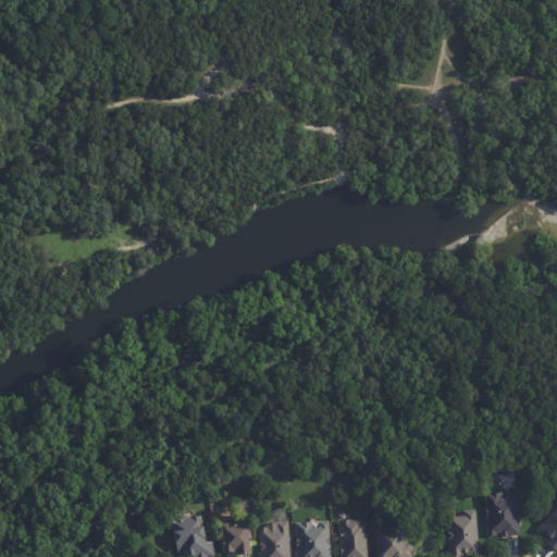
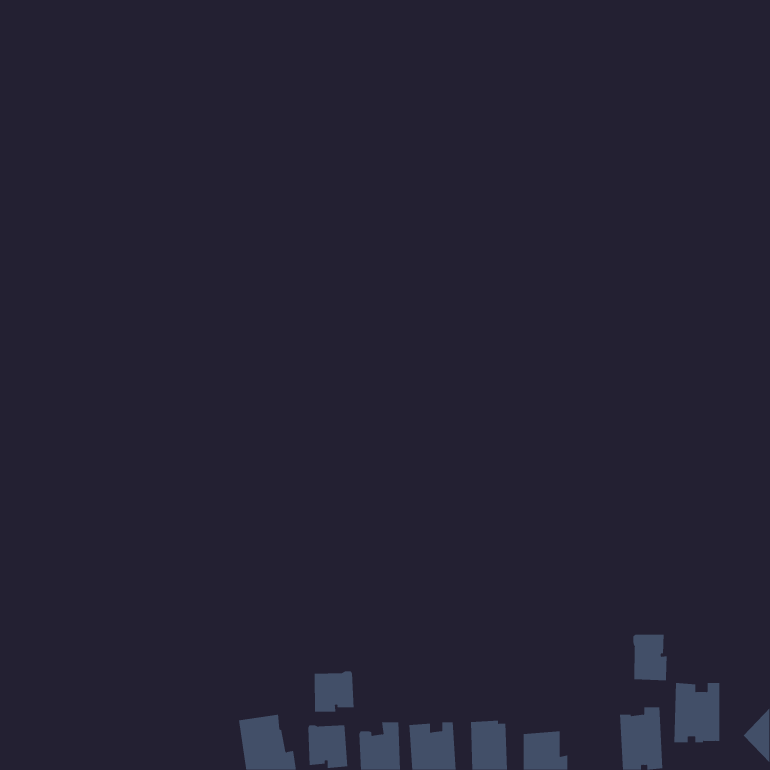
building: none -> [633,634,667,681]
building: none -> [314,670,354,713]

